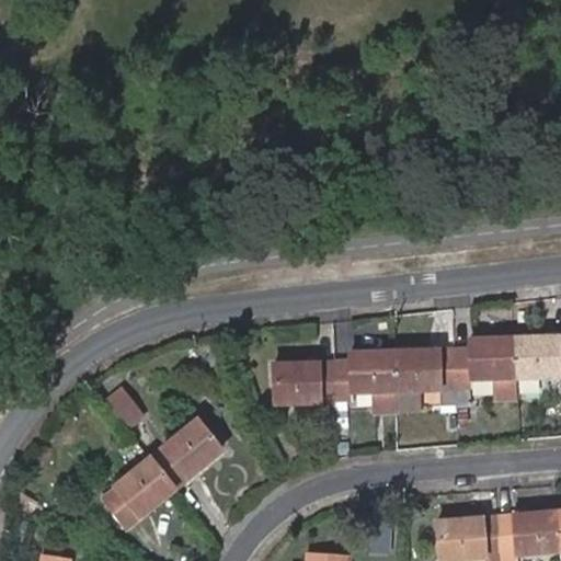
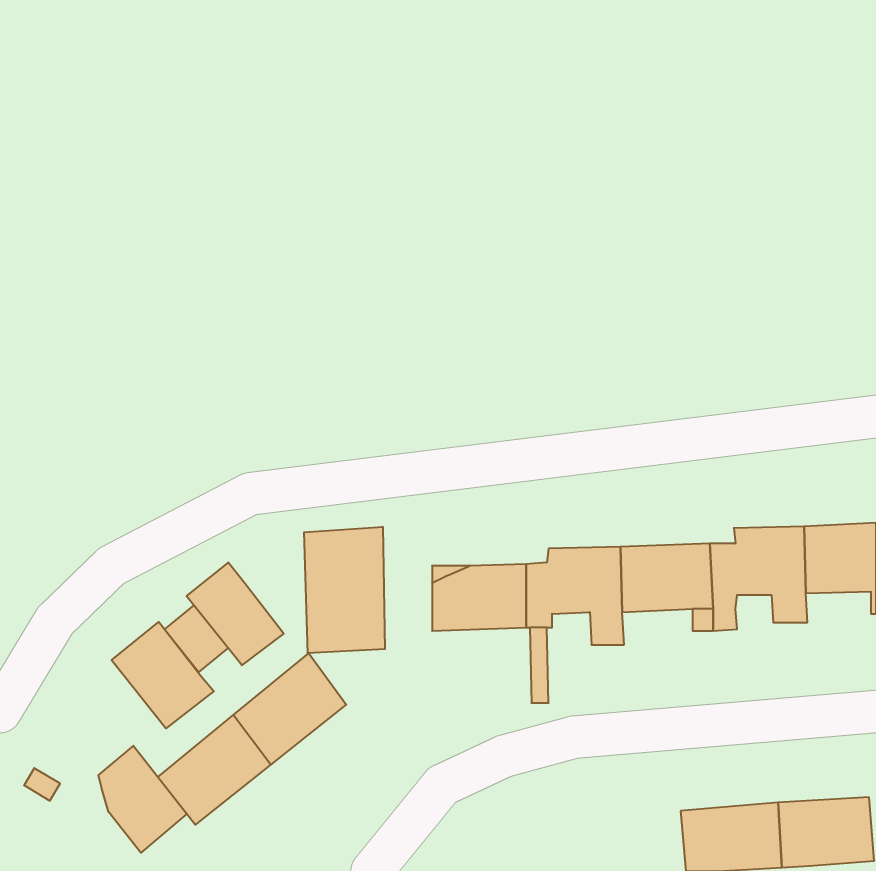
building: none -> [304,527,385,653]
building: none -> [187,562,284,665]
building: none -> [112,622,214,728]
building: none -> [99,746,187,853]

